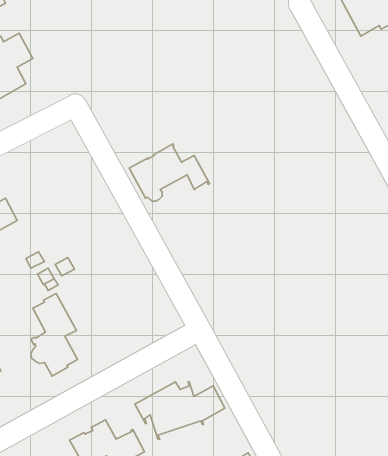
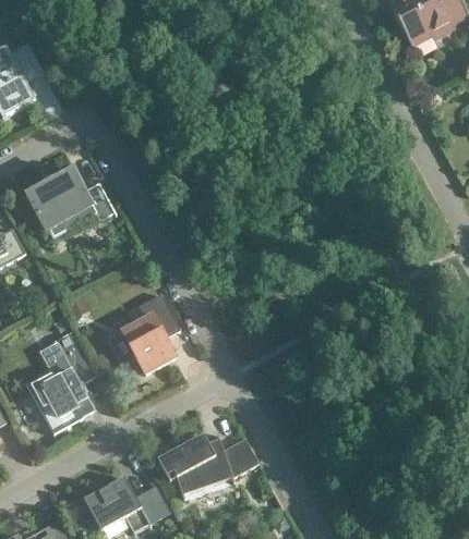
building: [129,144,210,201] -> [26,169,117,233]
building: none -> [109,293,180,373]

